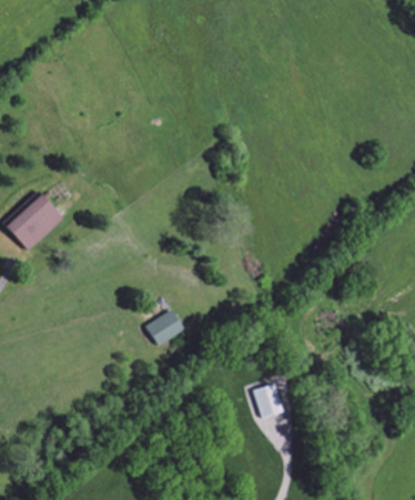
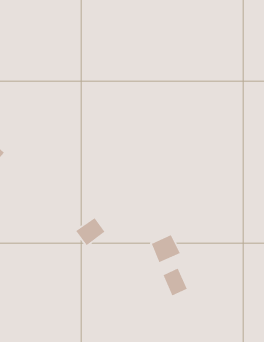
building: none -> [151,234,181,263]

